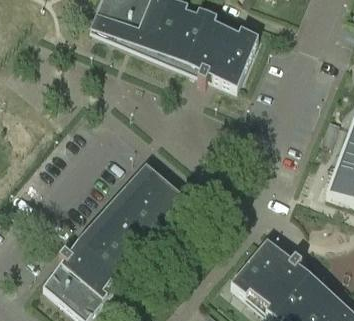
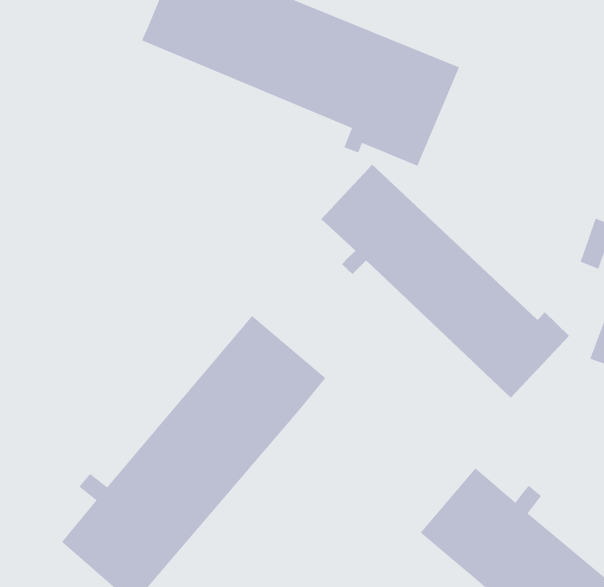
building: none -> [321,164,570,399]

